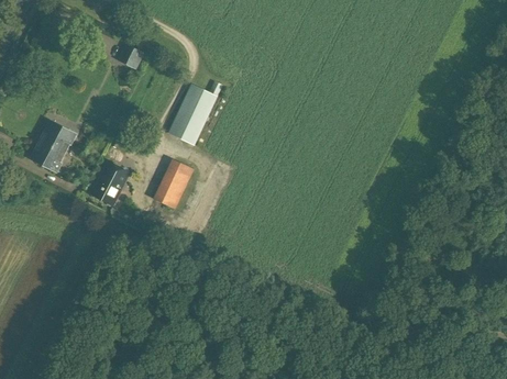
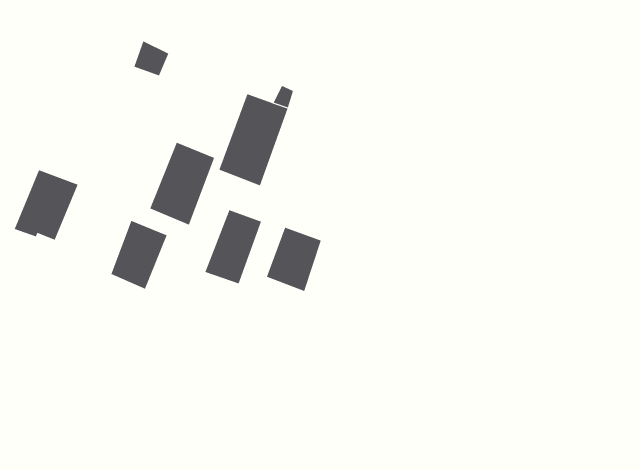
building: none -> [149,142,215,226]
building: none -> [266,227,321,292]

